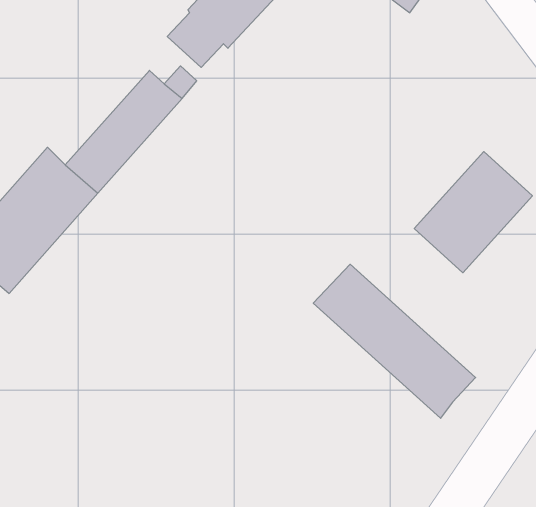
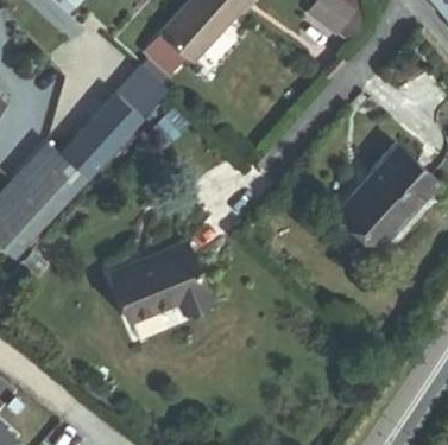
building: [313,264,476,418] -> none
building: none -> [113,244,210,323]

